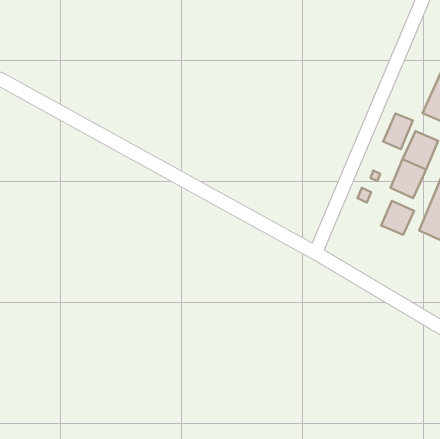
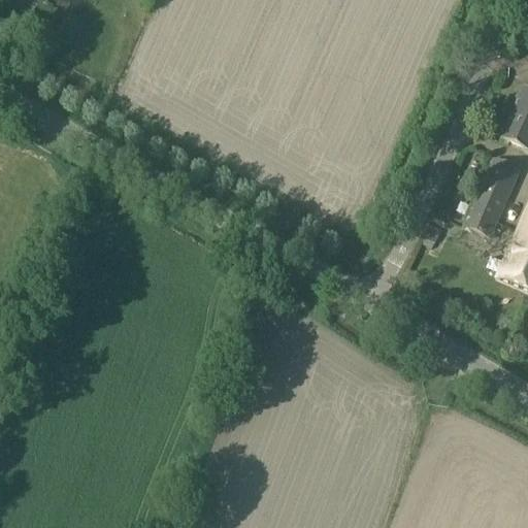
building: [383,114,413,149] -> none
building: [381,201,414,235] -> none

